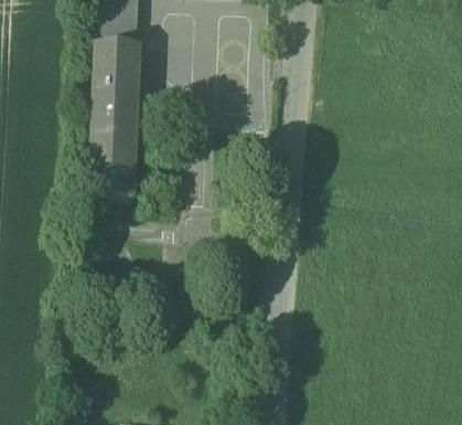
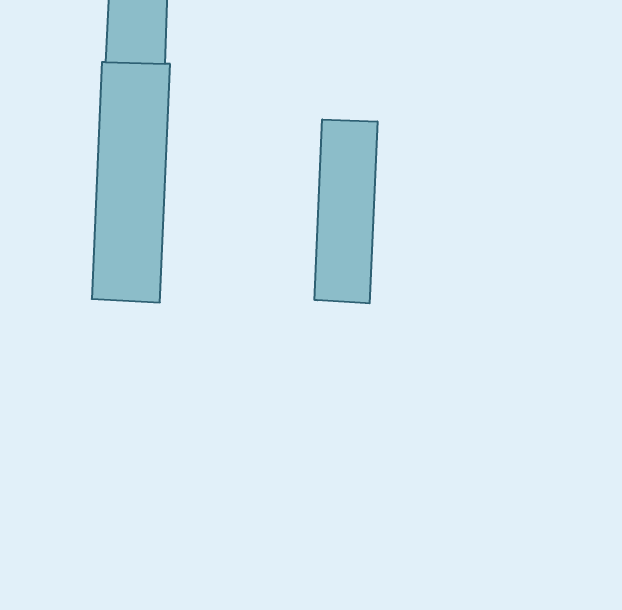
building: none -> [315,119,377,303]

